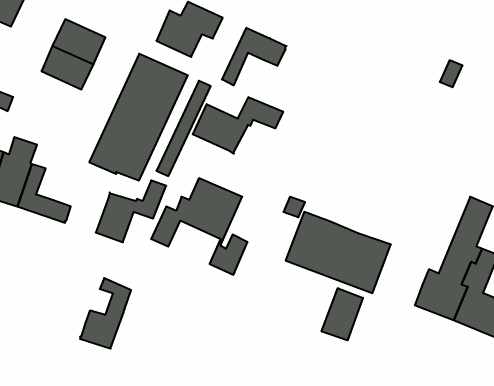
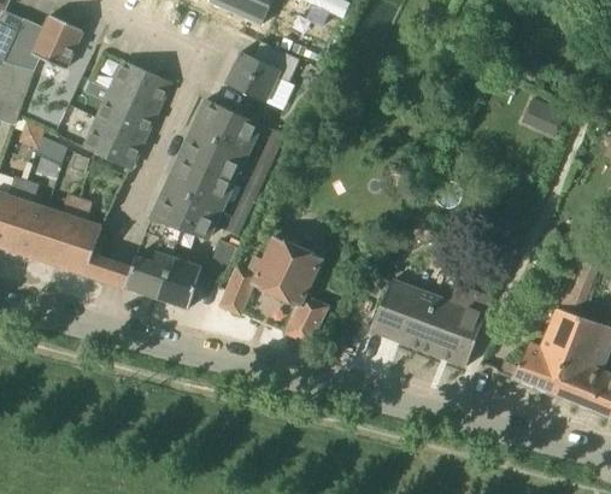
building: [222,28,287,85] -> none
building: none -> [83,118,142,169]
building: [193,97,283,154] -> none
building: [80,278,131,349] -> [124,219,181,298]
building: [322,288,363,340] -> none

